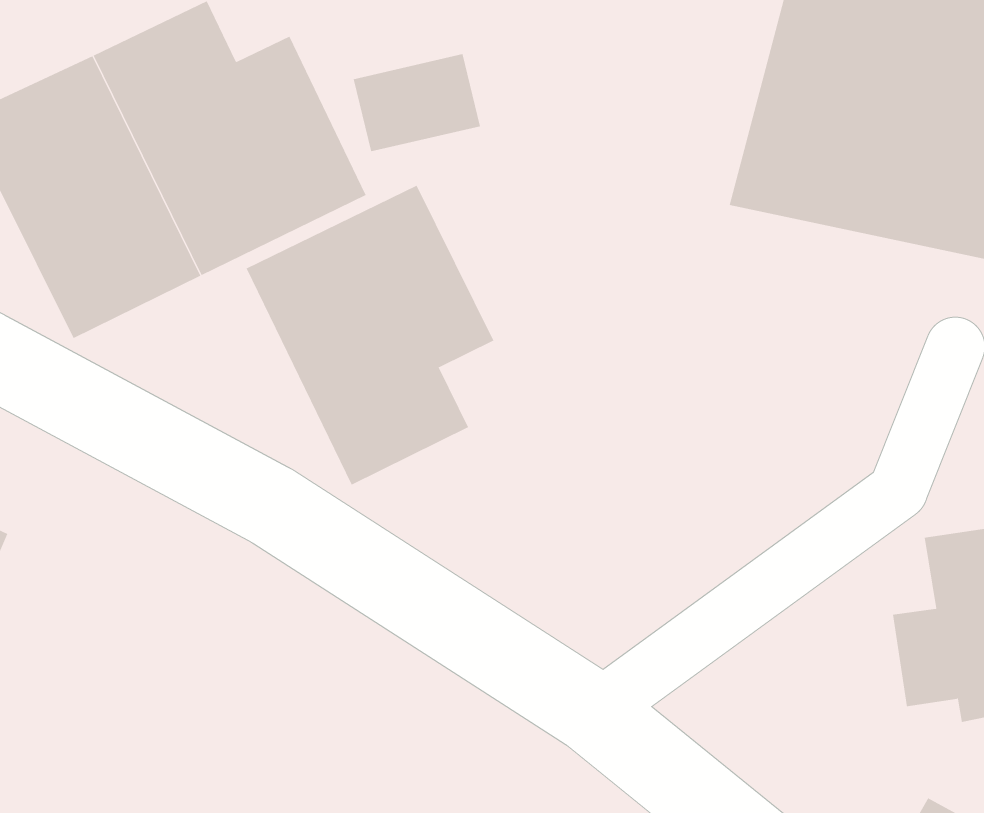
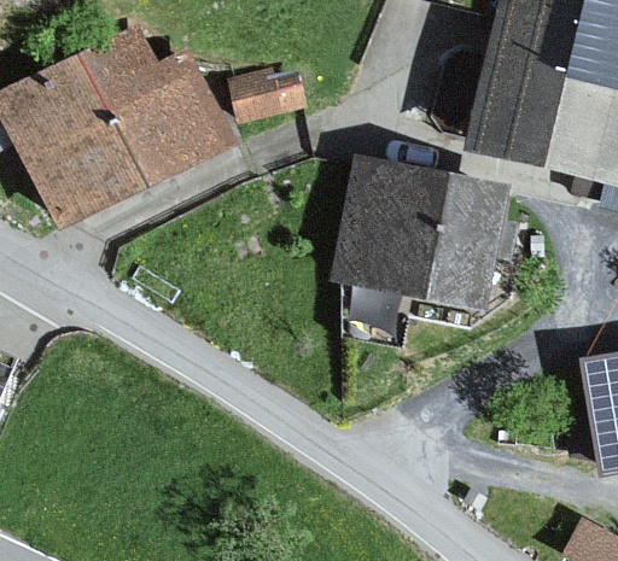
building: [246,185,494,486] -> none
building: none -> [332,156,520,308]

